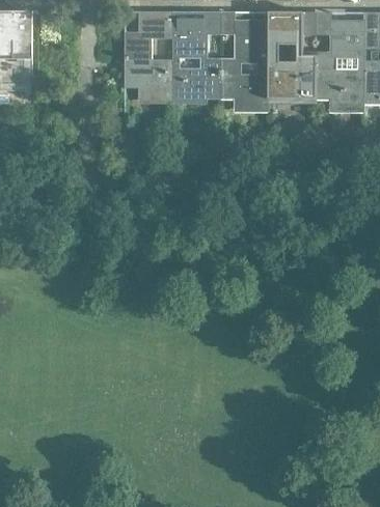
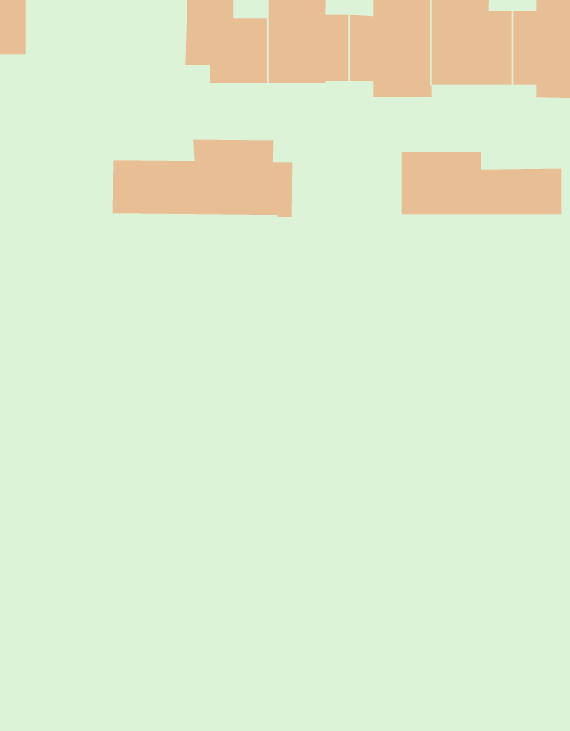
building: none -> [112,139,293,218]
building: none -> [401,151,562,215]

